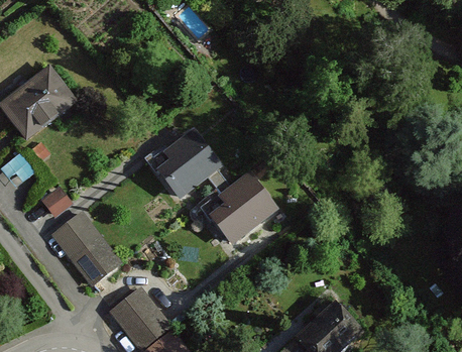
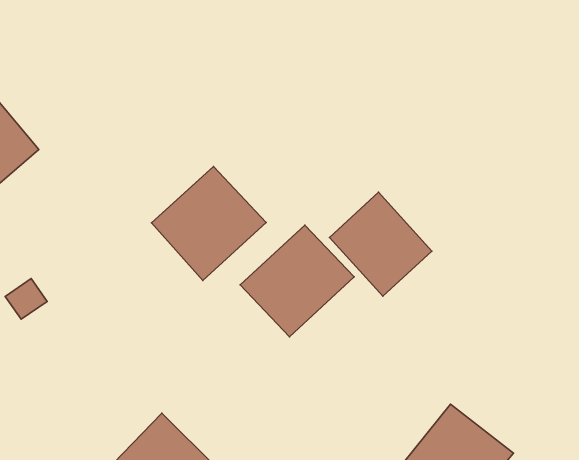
building: none -> [329,192,432,296]
building: [51,213,123,288] -> none

